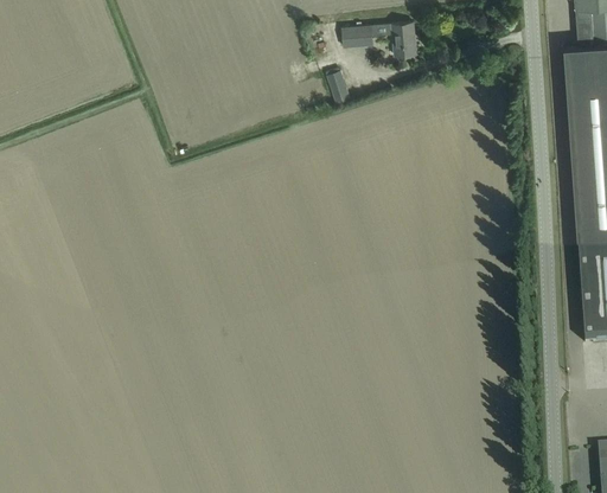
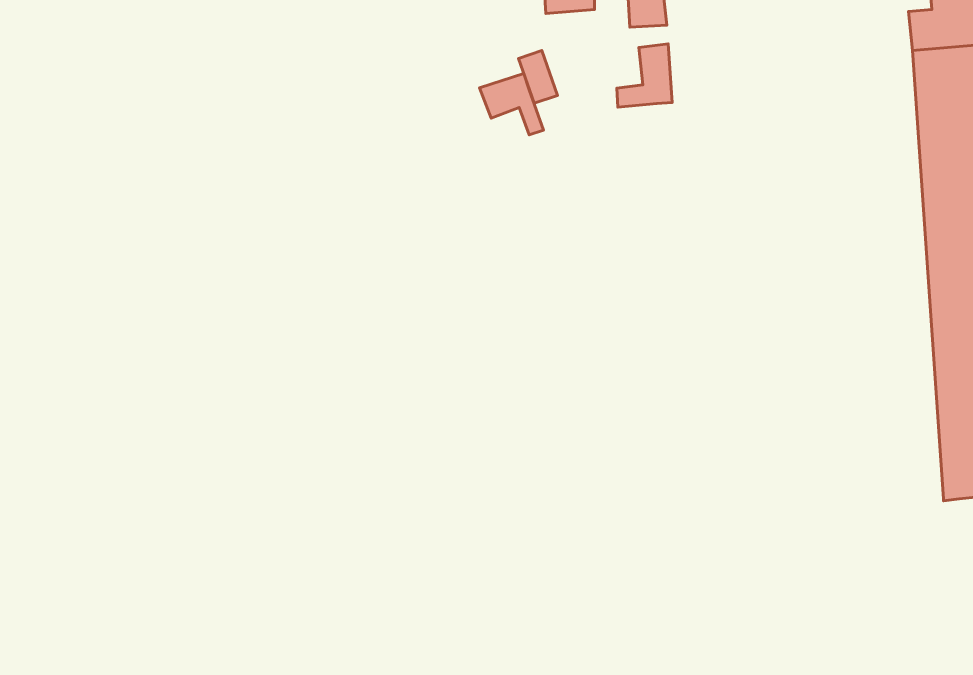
building: none -> [617,44,672,107]
building: none -> [480,74,544,135]

